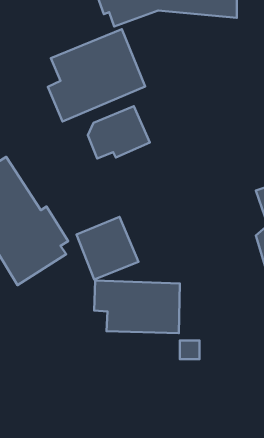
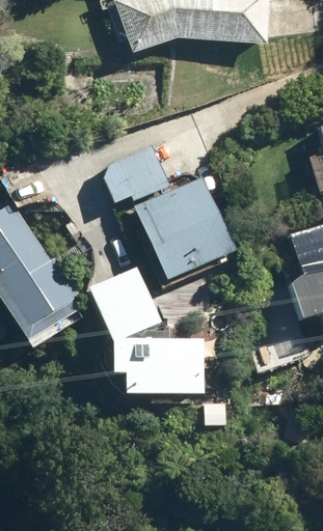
building: [48,29,145,121] -> none
building: none -> [134,175,235,278]

